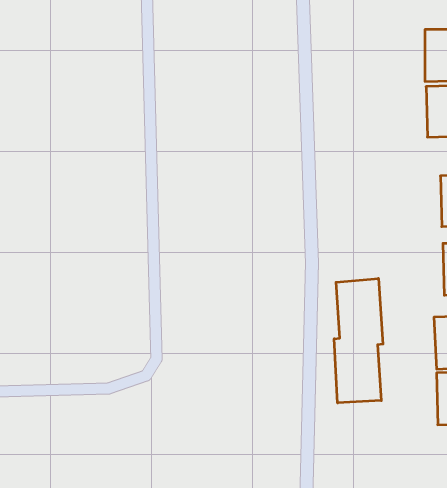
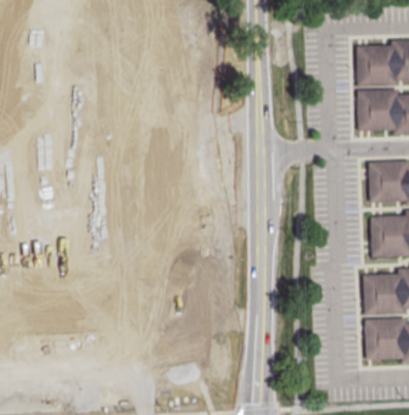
building: [334,278,383,403] -> none

